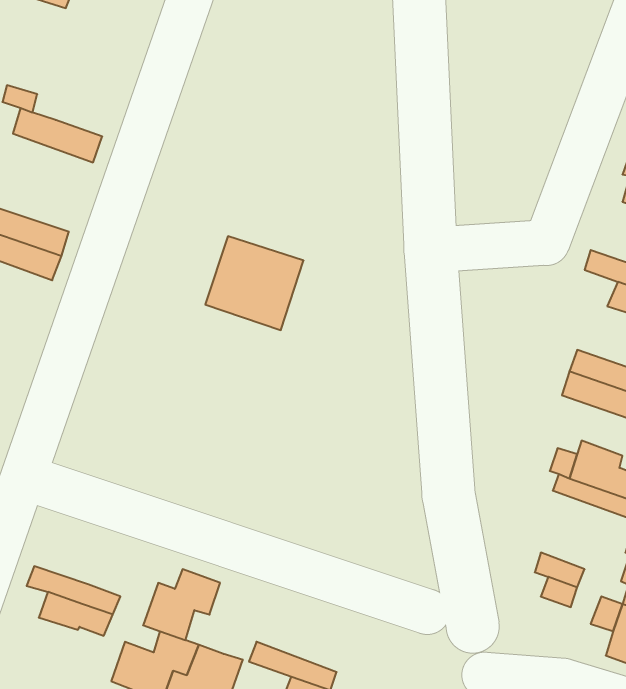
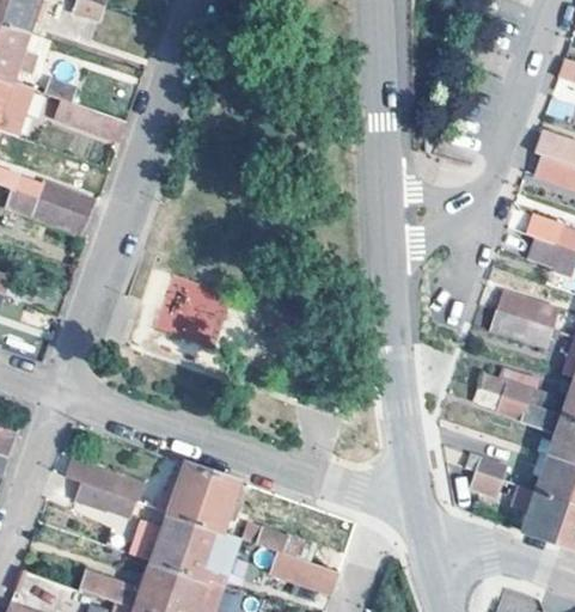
building: [205,236,304,330] -> [153,274,231,348]
building: none -> [190,476,237,532]

